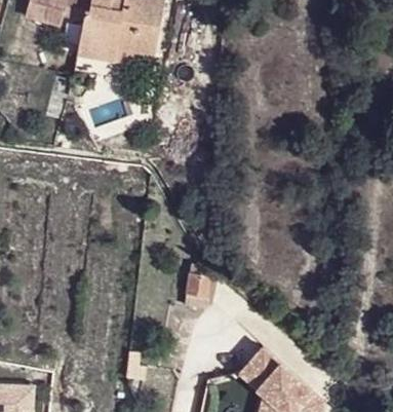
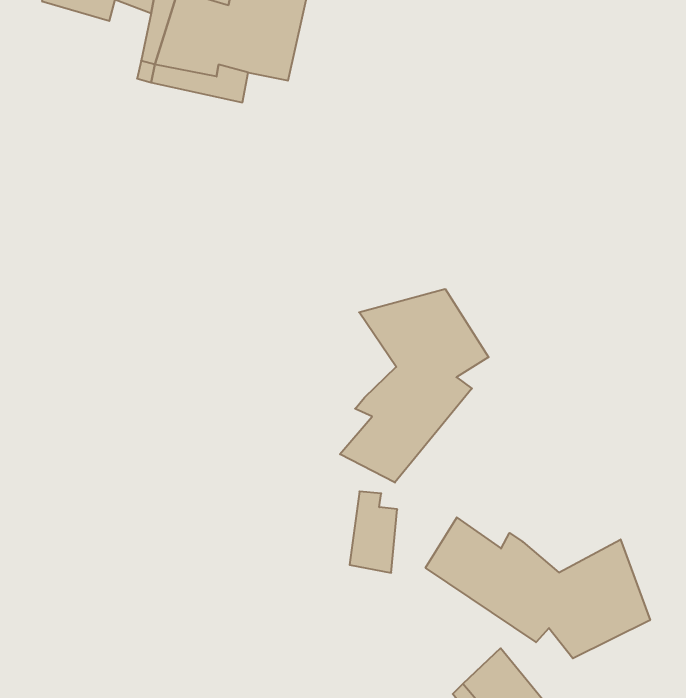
building: none -> [340,289,489,483]
building: none -> [426,517,650,658]

